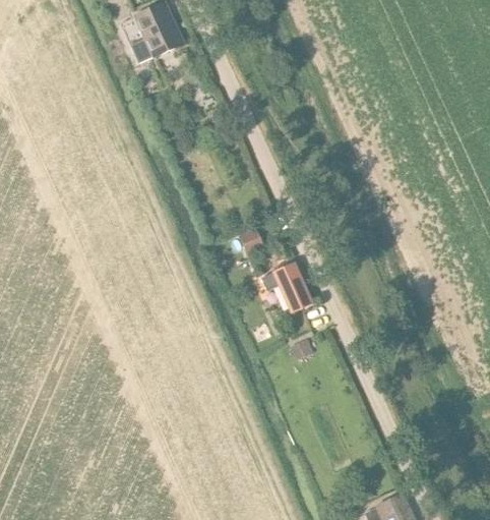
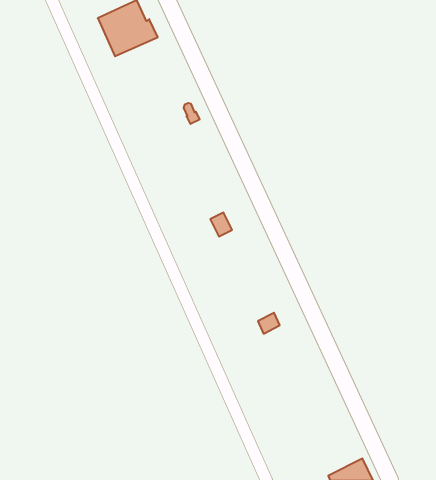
building: [274,263,313,310] -> none

